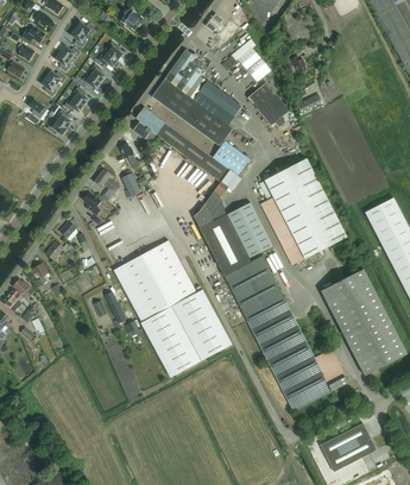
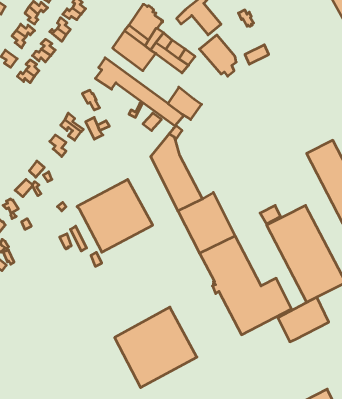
building: [184,102,232,145] -> none
building: [258,158,346,264] -> none
building: [227,202,272,257] -> none
building: [140,289,231,377] -> [115,307,197,388]
building: [320,422,376,471] -> [278,297,329,342]

